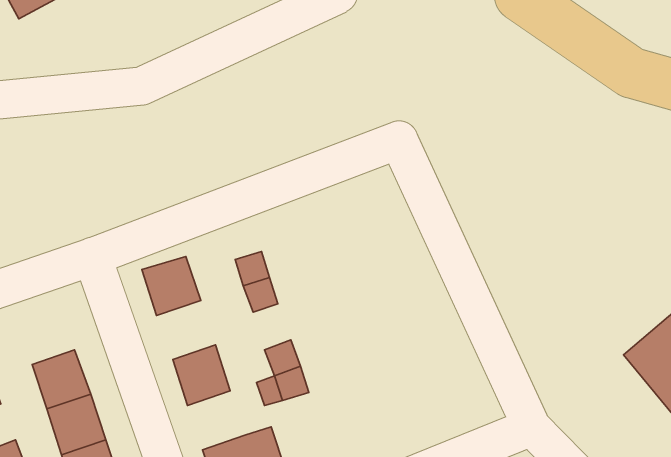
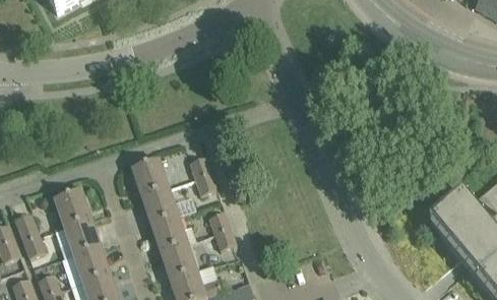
building: none -> [141,187,195,224]
building: none -> [55,190,90,227]
building: none -> [161,243,196,280]

